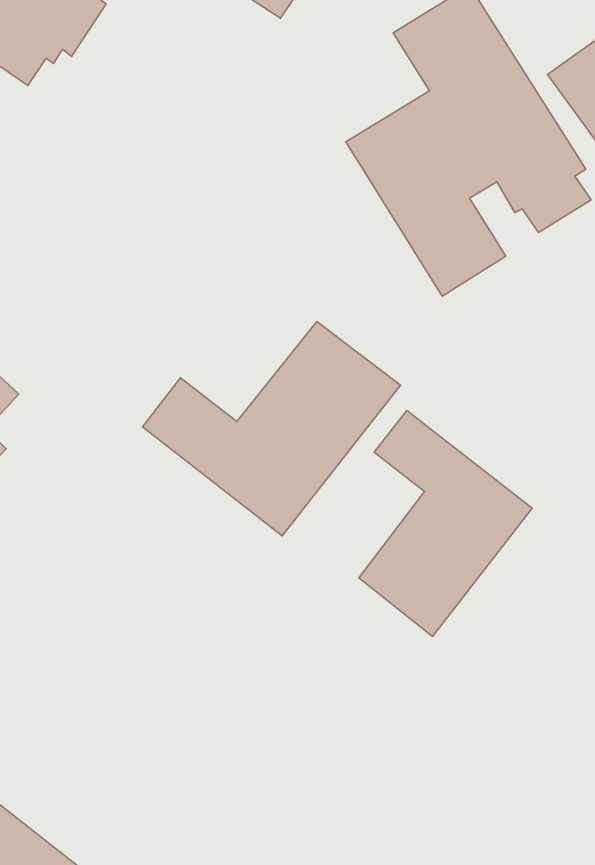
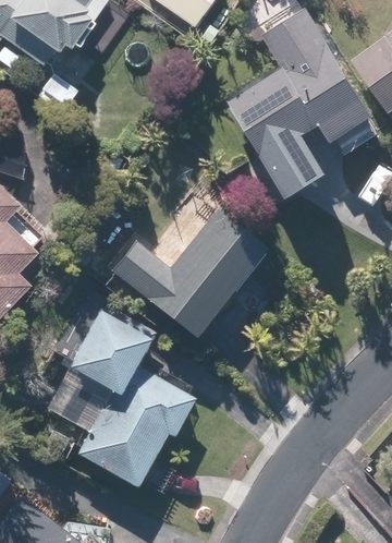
building: [359,410,532,637] -> none
building: none -> [46,311,194,486]

